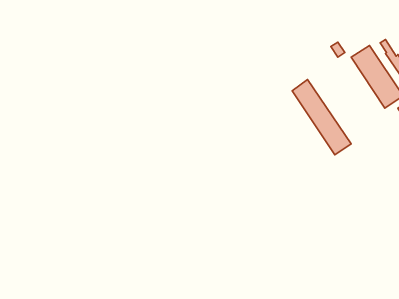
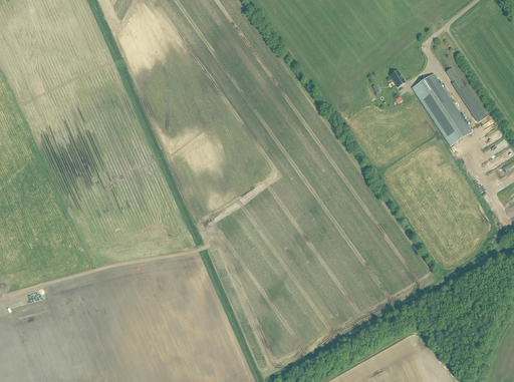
building: [292,80,351,155] -> none

